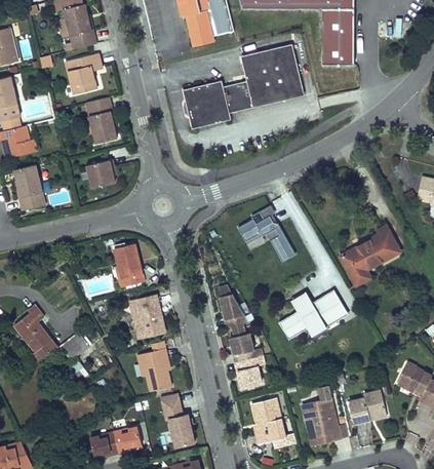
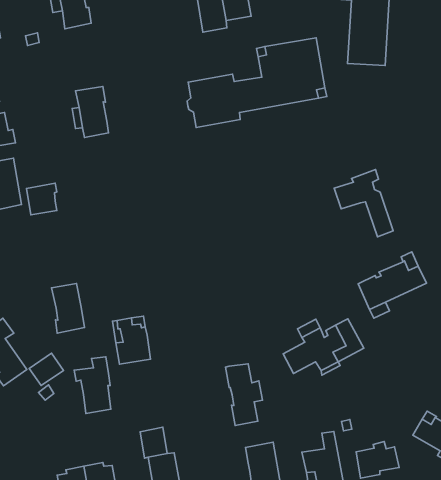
building: [65,53,102,94] -> none
building: [86,159,114,188] -> [26,183,57,215]
building: [235,202,288,261] -> [334,169,393,237]
building: [113,243,144,287] -> [51,283,85,333]
building: [216,282,250,334] -> none
building: [136,341,170,391] -> [74,357,111,414]

